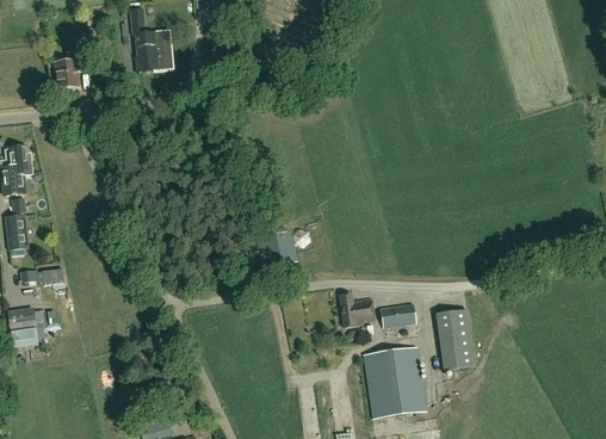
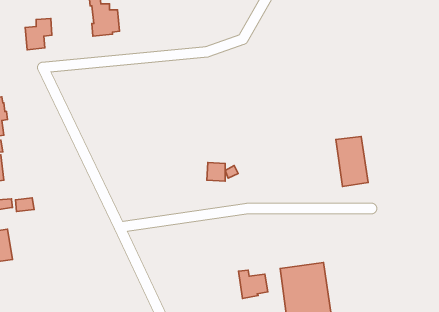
building: [339,293,375,328] -> [238,270,268,299]
building: [381,304,415,327] -> none
building: [435,309,475,370] -> [336,137,368,187]

